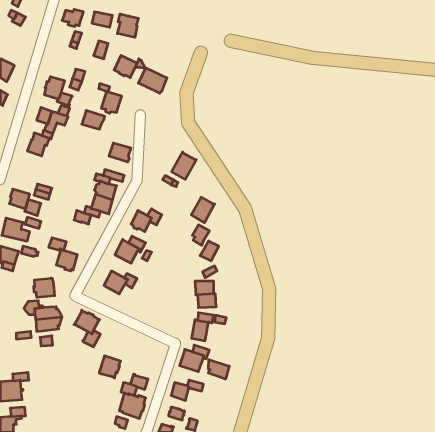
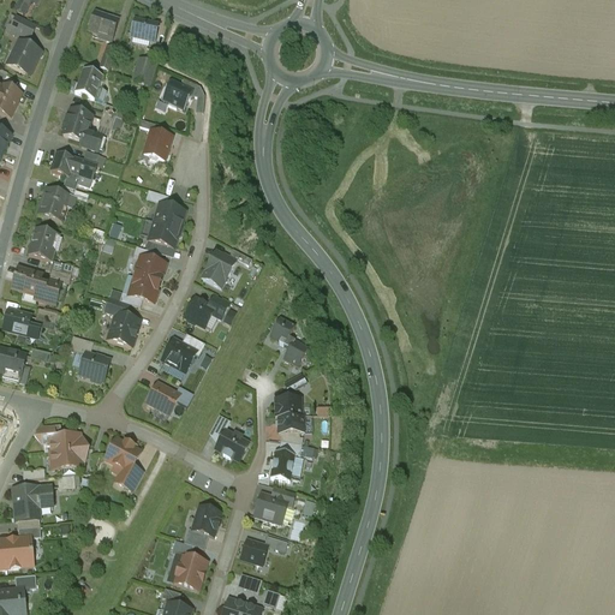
building: [117,14,138,37] -> none
building: none -> [10,38,41,72]
building: none -> [70,67,106,101]
building: [138,68,167,93] -> none
building: [82,110,105,129] -> [148,220,180,246]
building: [172,152,196,179] -> [201,249,235,287]
building: none -> [28,227,55,259]
building: [191,197,215,223] -> none
building: none -> [108,312,139,345]
building: [34,278,55,297] -> none
building: none -> [215,430,247,461]
building: none -> [13,485,52,520]
building: [99,356,121,378] -> [191,506,221,537]
building: [208,360,229,379] -> none

